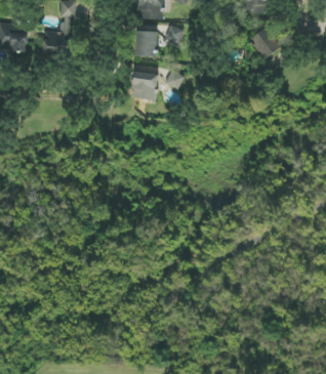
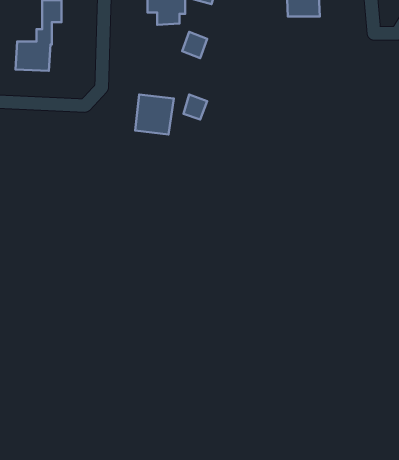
building: [250,27,282,59] -> none
building: [136,31,158,56] -> none

